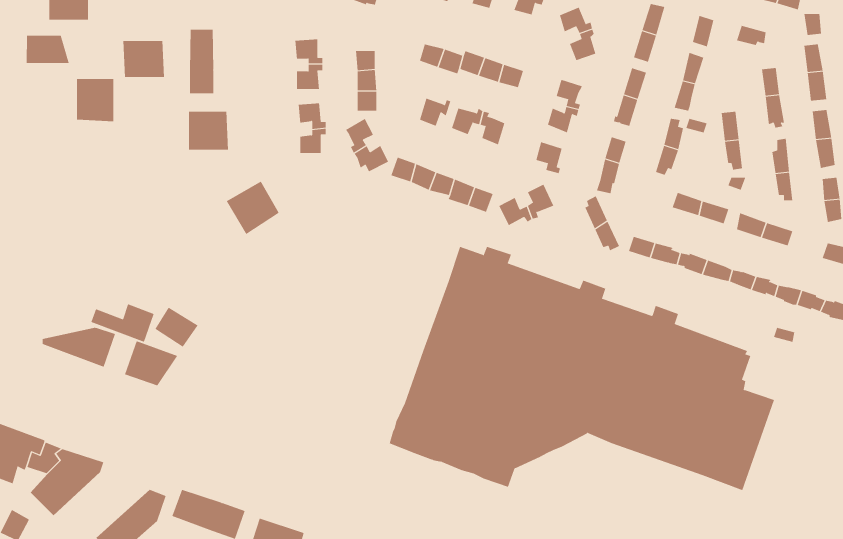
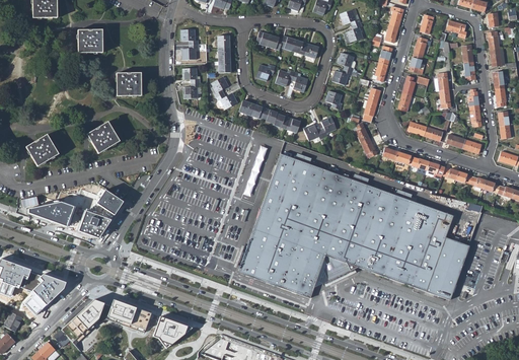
building: [189,29,214,94] -> none
building: [26,35,70,64] -> none
building: [77,78,114,122] -> none
building: [226,181,280,235] -> [86,121,119,153]
building: none -> [25,134,58,165]

